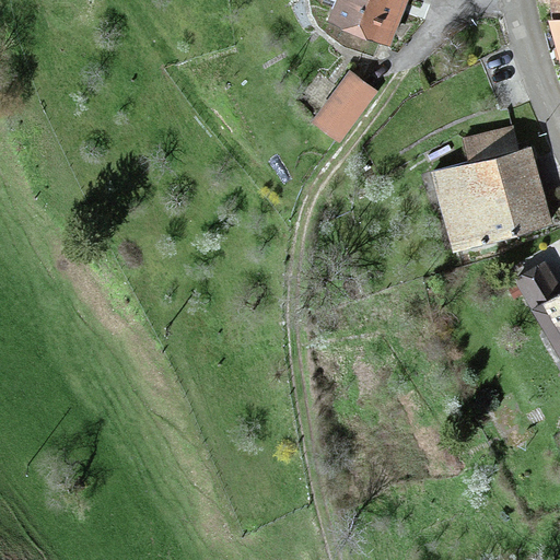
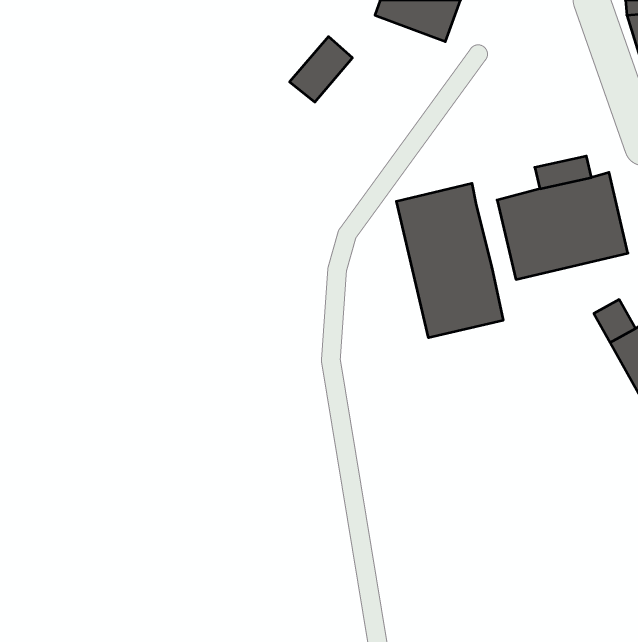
building: [318,75,373,132] -> [290,37,352,102]
building: none -> [396,183,503,338]

